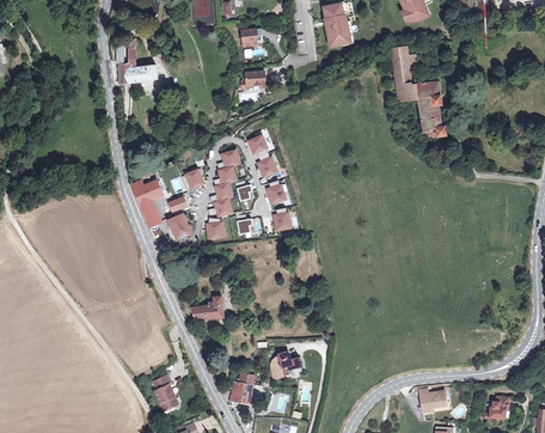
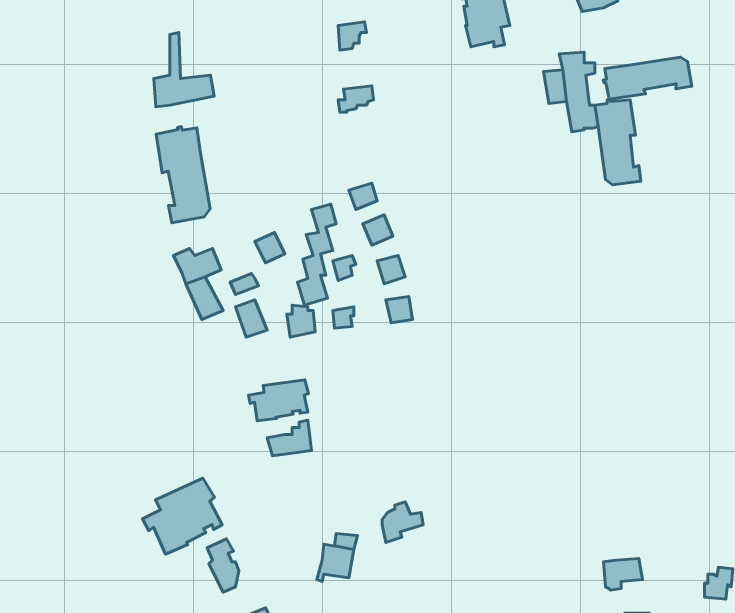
building: none -> [603,57,692,99]
building: none -> [156,126,210,223]
building: none -> [248,380,309,421]
building: none -> [143,478,222,554]

